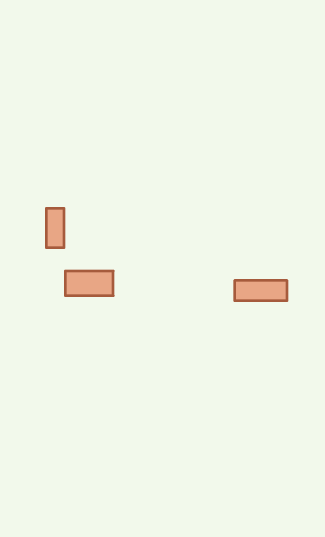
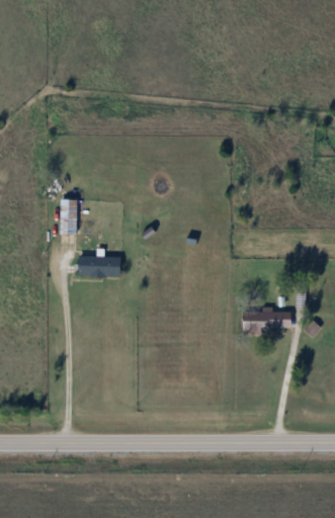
building: [235,281,287,301] -> [243,311,290,329]

